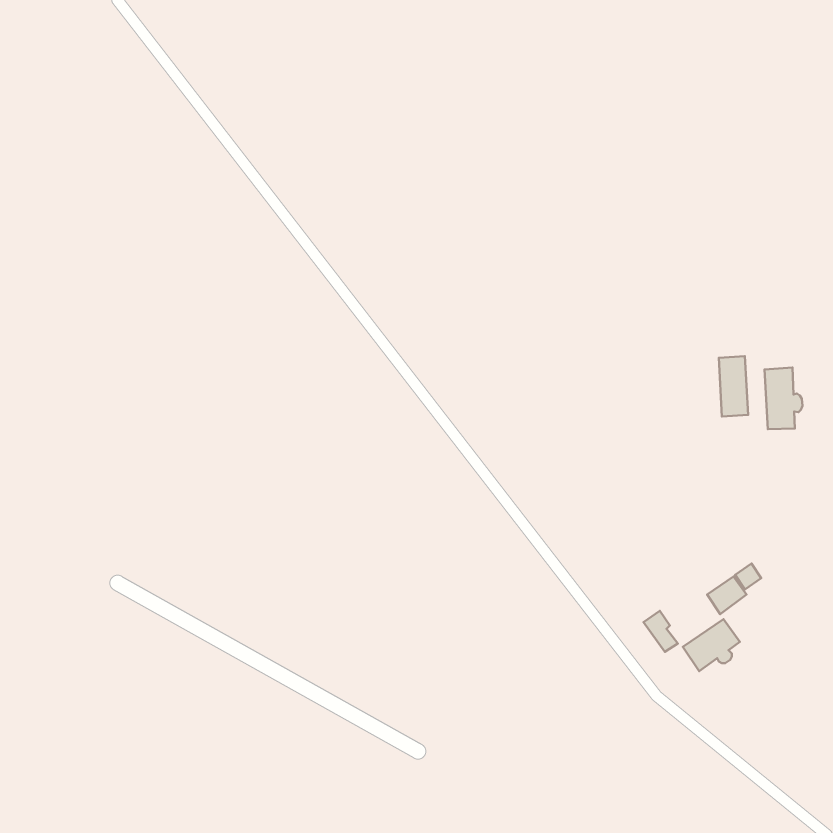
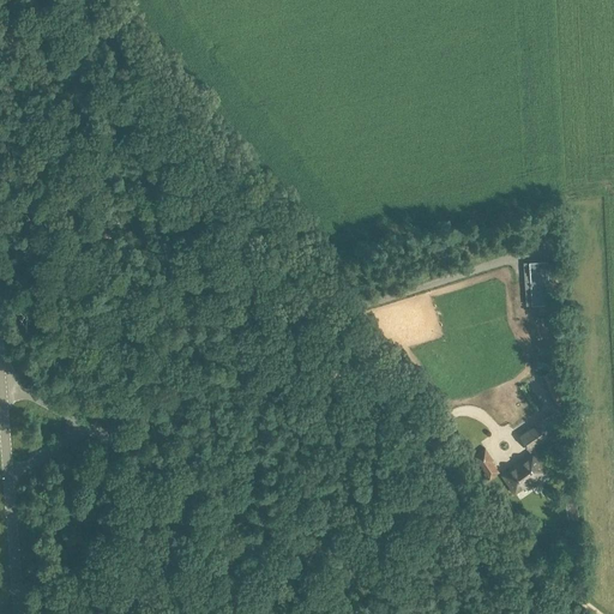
building: [765,368,802,429] -> none

